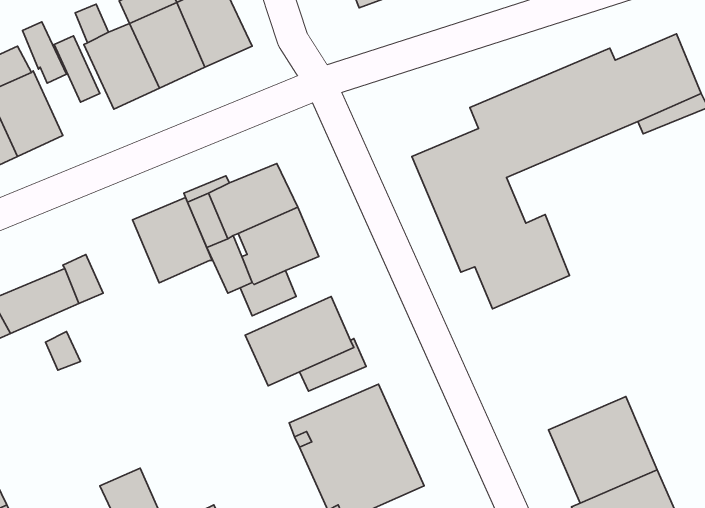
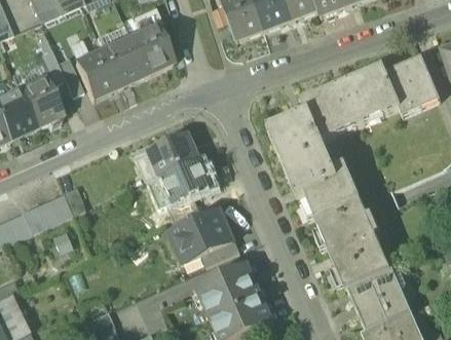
building: [132,197,212,283] -> none
building: none -> [314,198,390,290]

